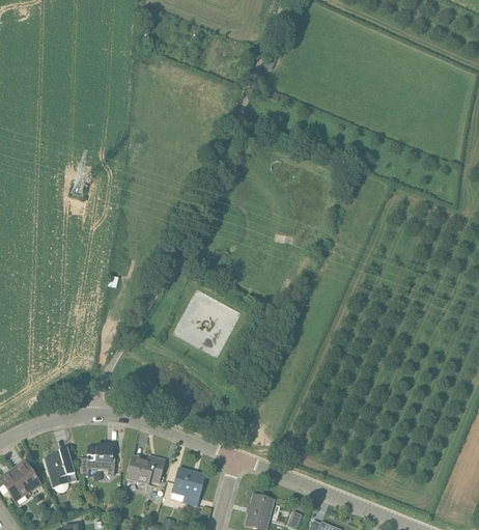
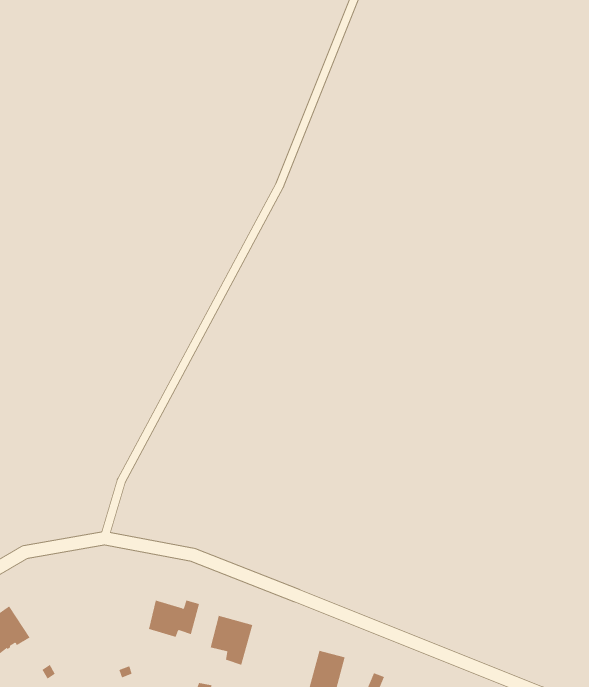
building: [78,443,115,478] -> none
building: [45,447,77,486] -> none

